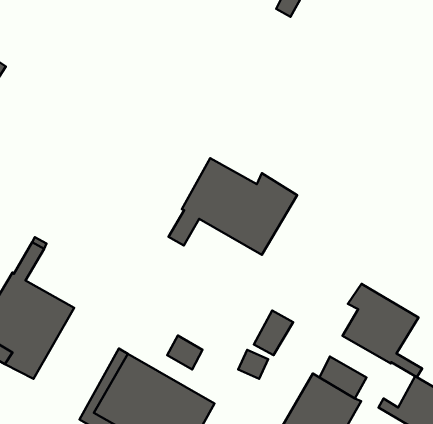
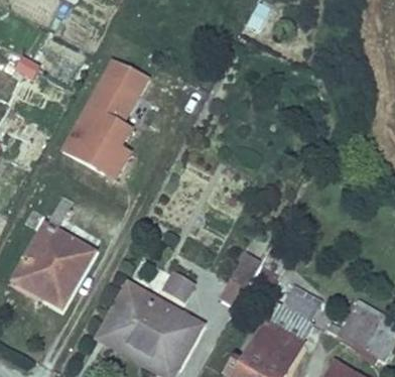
building: none -> [60,52,150,179]
building: [169,158,297,255] -> none
building: [343,284,422,377] -> none

